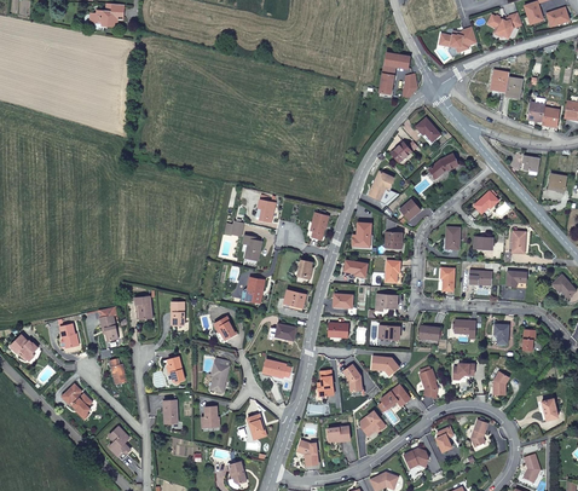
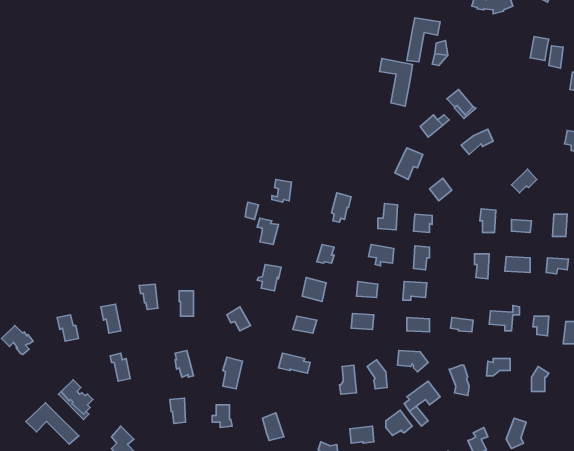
building: none -> [380,58,413,106]
building: none -> [26,403,79,444]

